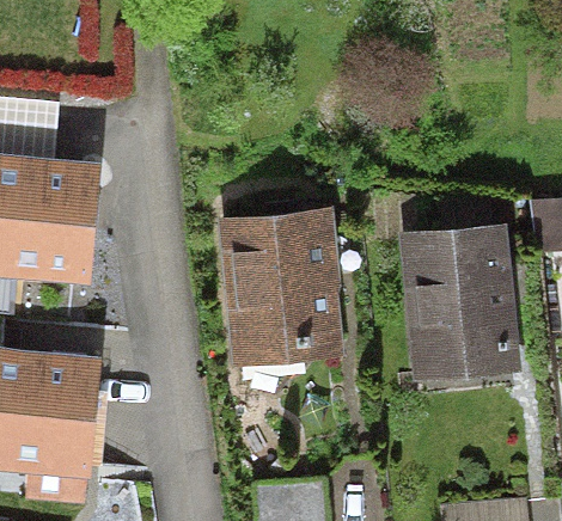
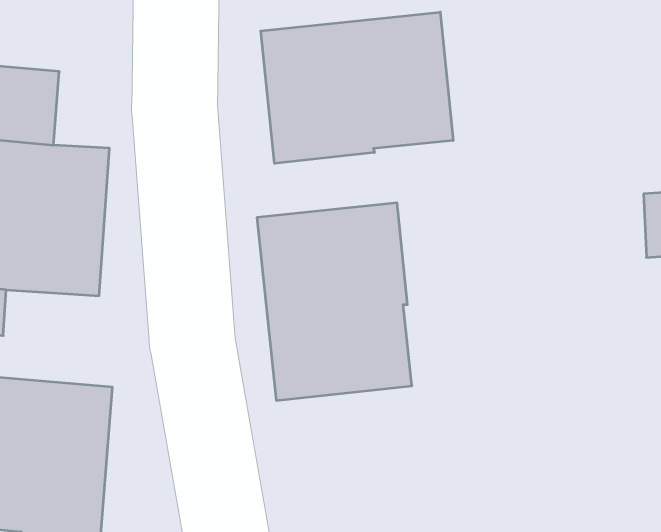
building: none -> [261,12,453,163]
building: [399,225,521,381] -> none

